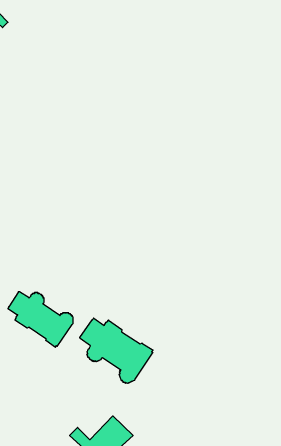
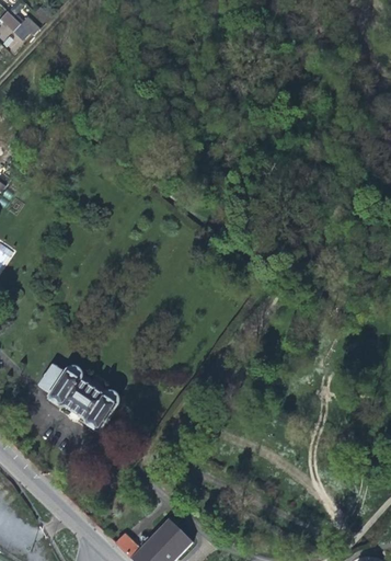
building: [80,318,153,383] -> none

